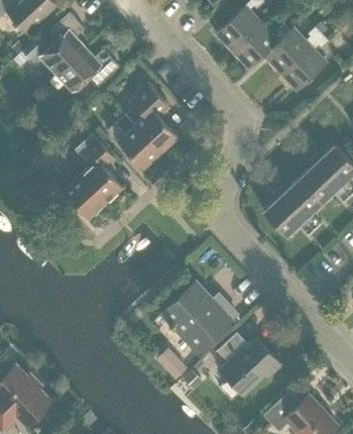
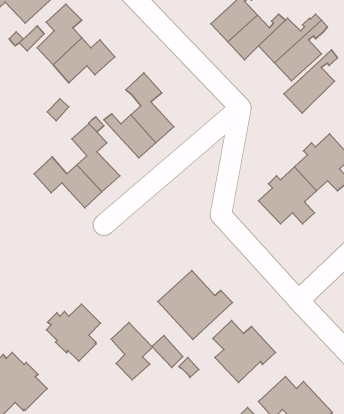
building: none -> [284,50,337,113]
building: none -> [46,304,101,361]
building: none -> [111,322,152,380]

